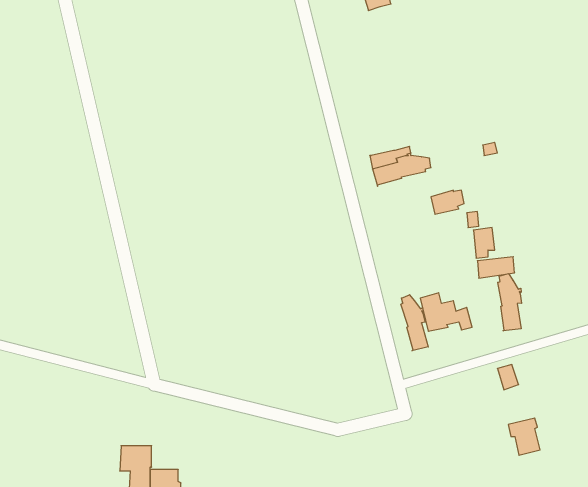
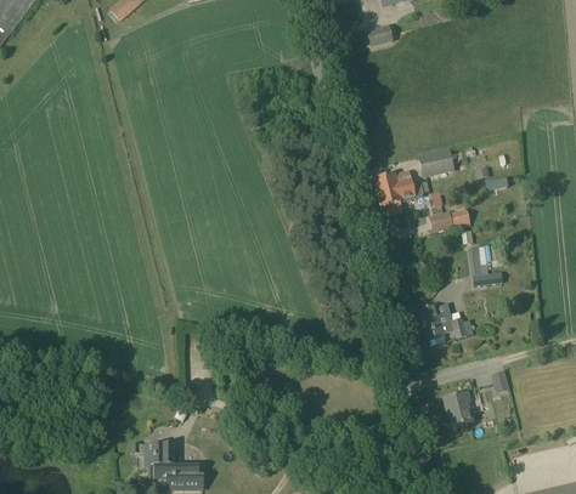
building: none -> [419,149,454,176]
building: [498,274,522,331] -> none
building: [401,295,428,351] -> none
building: [508,418,540,455] -> [444,391,473,425]

